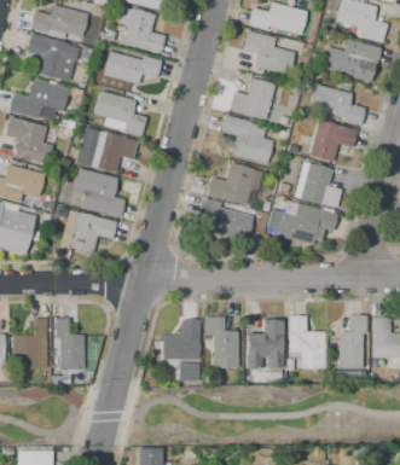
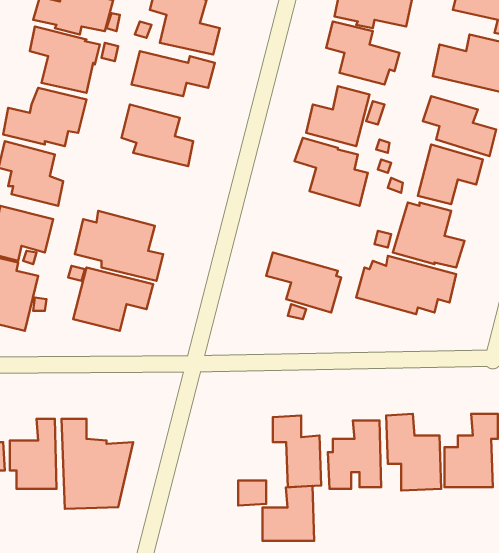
building: [76,128,138,173] -> none
building: [205,162,263,207] -> none
building: [163,319,201,359] -> [262,486,314,541]

